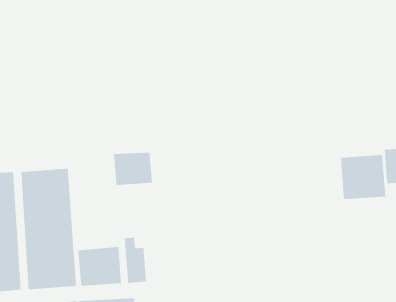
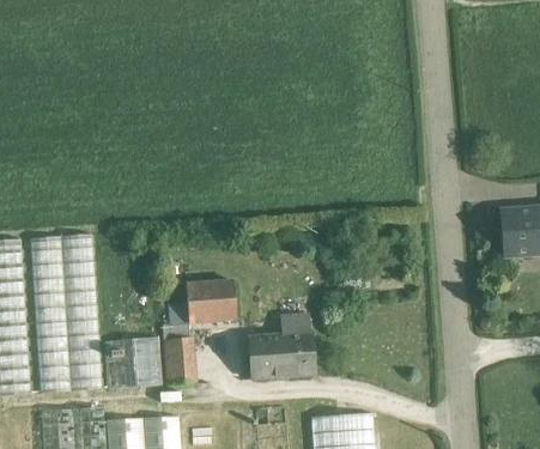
building: [113,152,153,186] -> [187,275,238,320]
building: [340,154,386,200] -> none
building: none -> [250,317,313,380]

